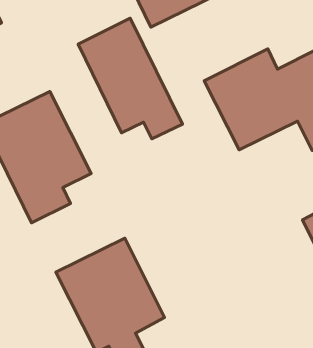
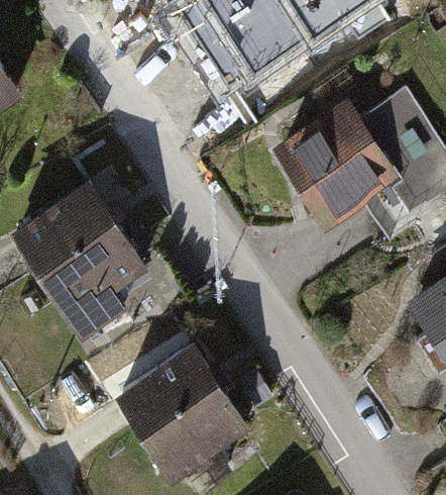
building: [78,18,183,139] -> none

